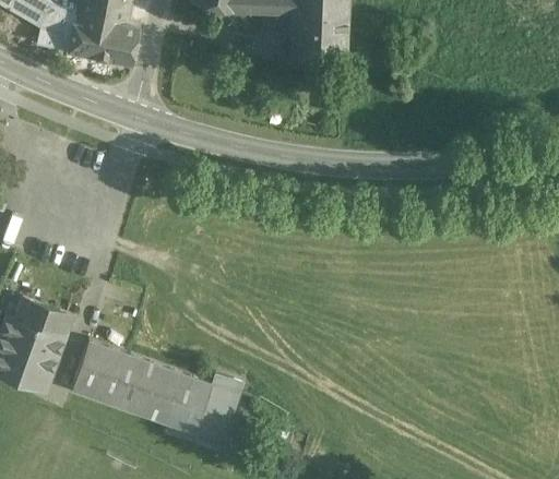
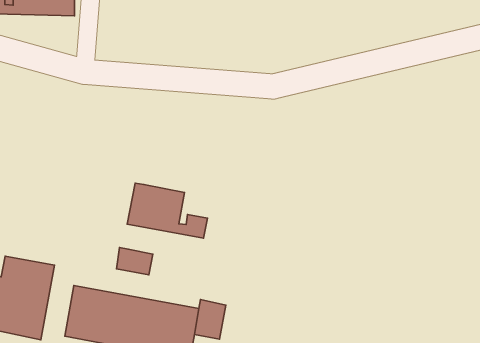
building: none -> [127,183,207,238]
building: none -> [117,248,153,275]

